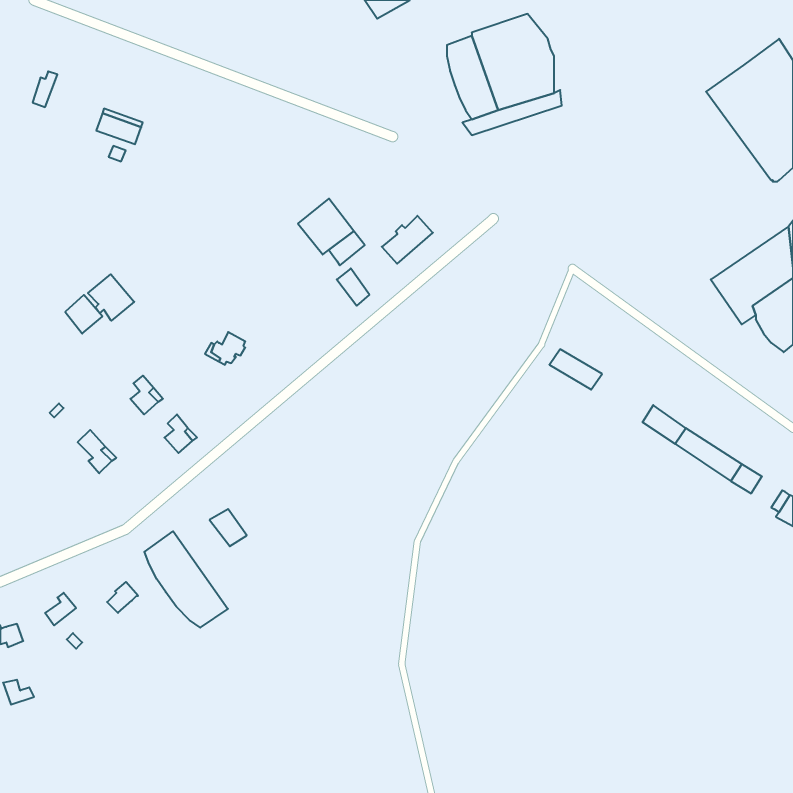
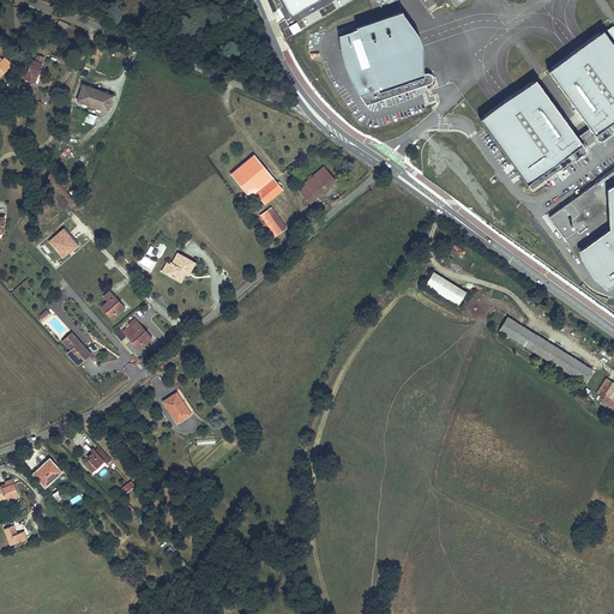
building: none -> [478,79,584,192]
building: [88,274,134,321] -> none
building: [144,531,228,628] -> none

